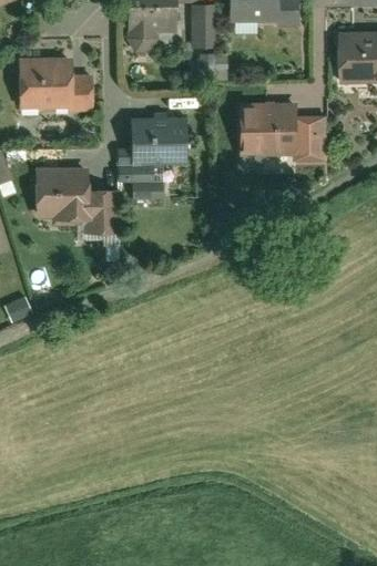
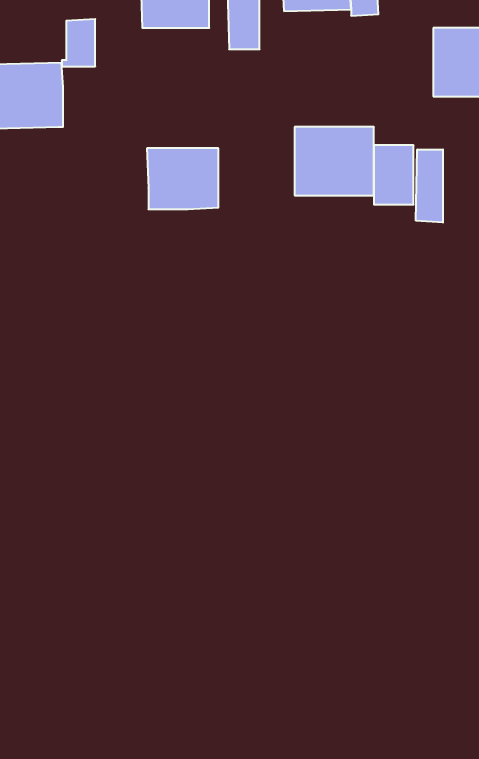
building: [68,74,92,109] -> [62,19,95,66]
building: none -> [416,149,443,223]
building: [118,148,162,197] -> none
building: [37,169,115,230] -> none

